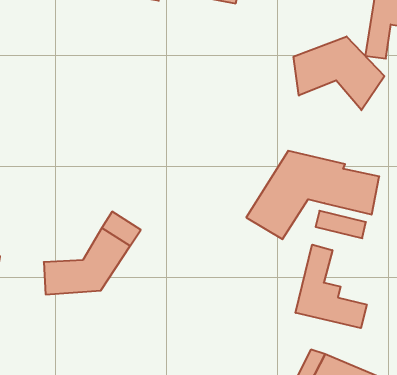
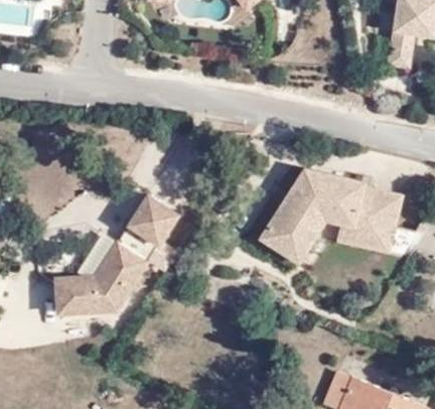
building: [294,36,384,110] -> none
building: none -> [122,199,171,248]
building: [296,245,367,328] -> none

